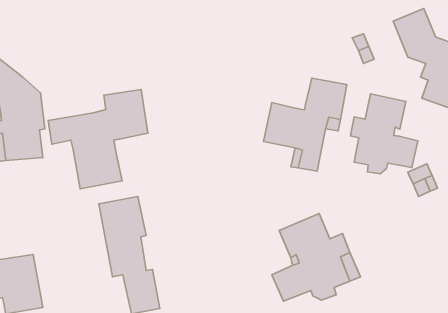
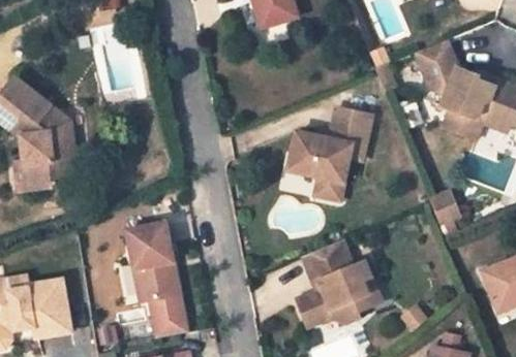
building: [48,90,148,189] -> none
building: [350,94,418,174] -> none

